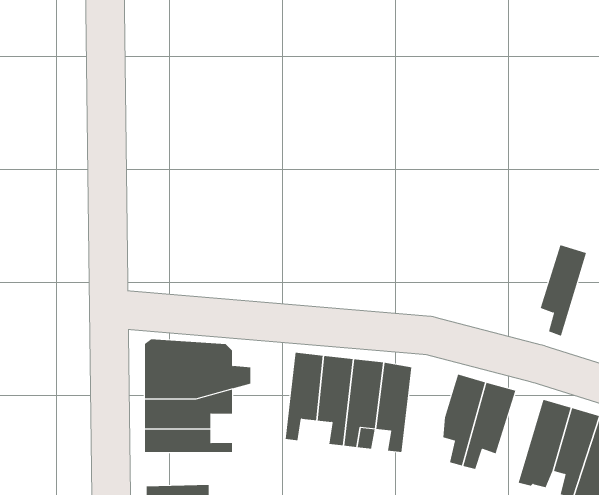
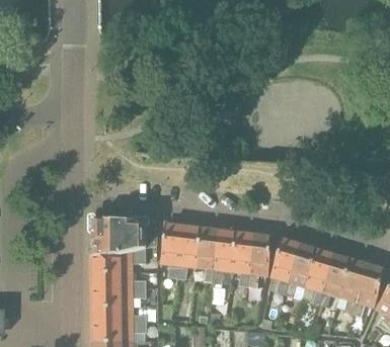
building: [540,244,587,337] -> [305,250,333,306]
building: none -> [162,225,183,279]
building: none -> [248,236,272,289]
building: none -> [92,287,146,308]

